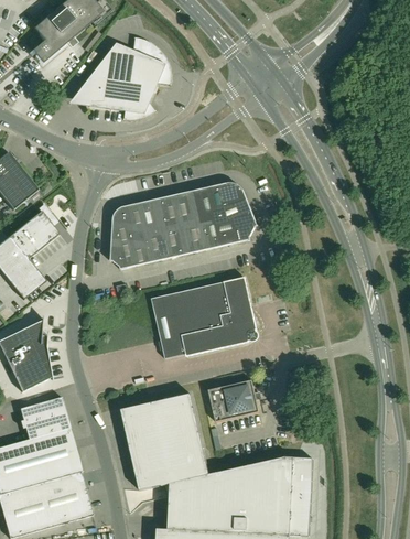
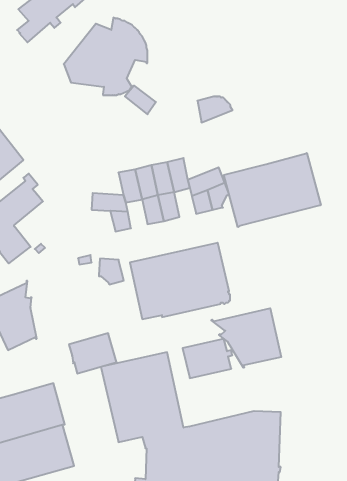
building: none -> [125,86,156,114]
building: none -> [224,153,321,227]
building: [208,182,246,209] -> [197,97,233,122]
building: [111,202,144,226] -> none
building: [198,218,222,249] -> none
building: [147,230,170,261] -> none
building: [109,241,136,269] -> [99,259,124,284]
building: none -> [211,308,281,368]
building: [19,396,69,439] -> [69,333,117,374]

